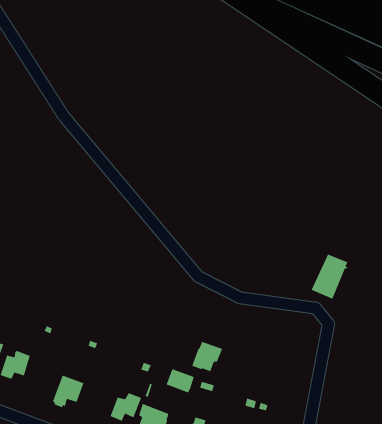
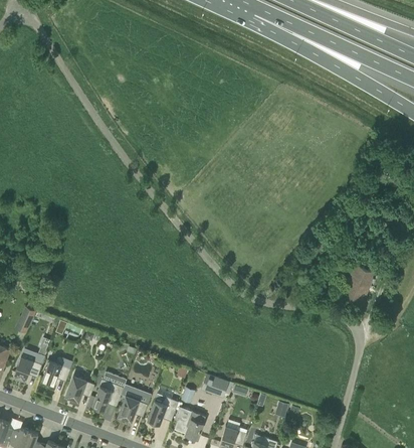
building: [191,341,223,372] -> none
building: none -> [65,375,94,400]
building: none -> [118,395,147,420]

